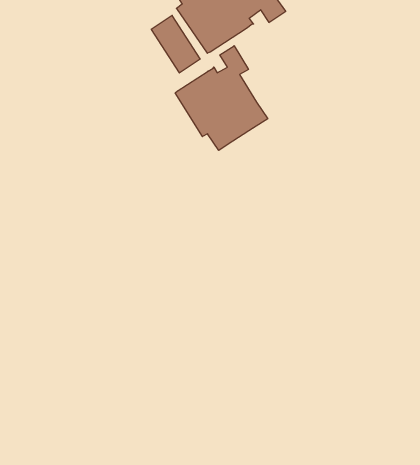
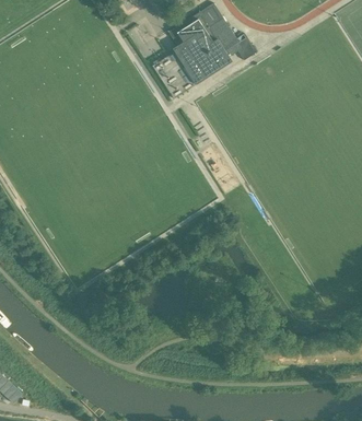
building: [175,46,268,150] -> none

